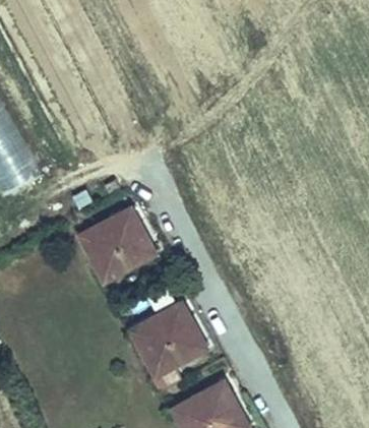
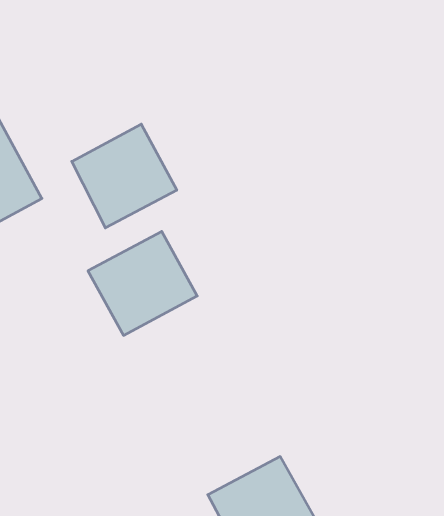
building: none -> [72,124,177,228]
building: [125,299,210,392] -> none

